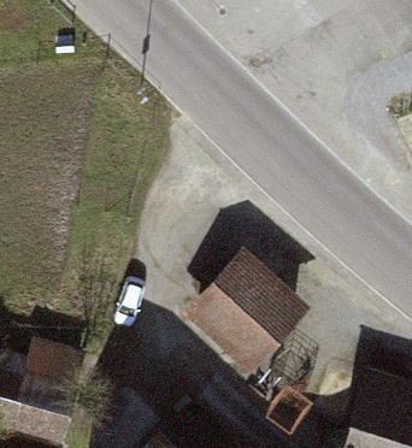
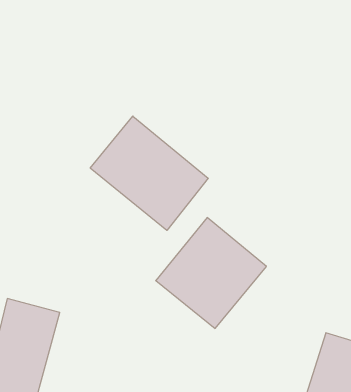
building: none -> [90,116,208,230]

